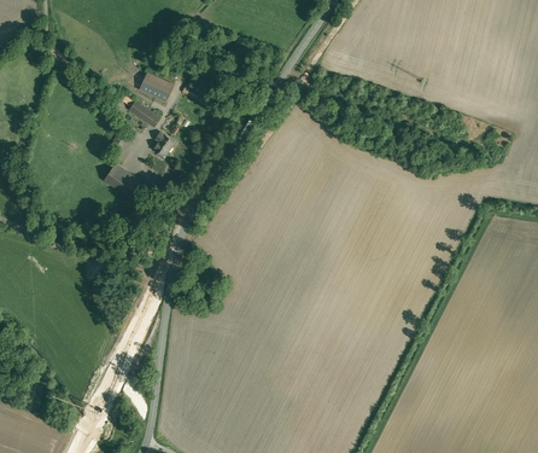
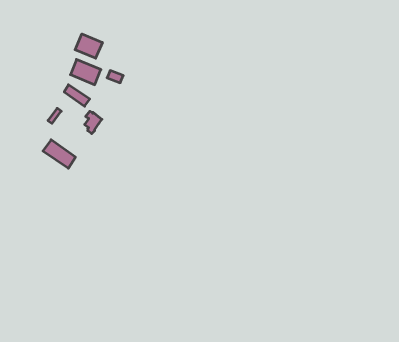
building: none -> [75,34,102,58]

